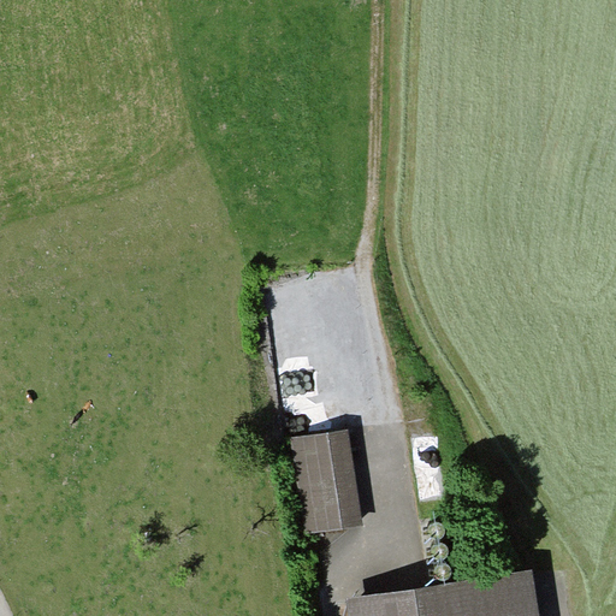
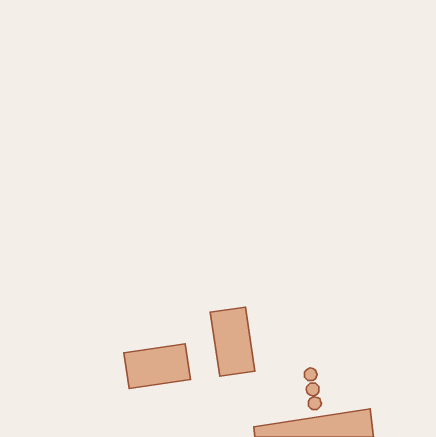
building: none -> [124,344,190,389]

